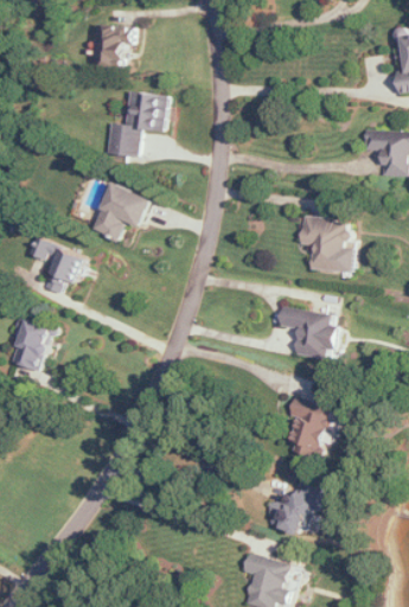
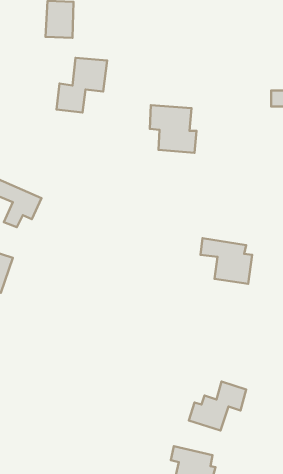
building: [92,183,153,241] -> none
building: [298,216,353,273] -> [150,105,196,153]
building: [287,396,333,454] -> none

